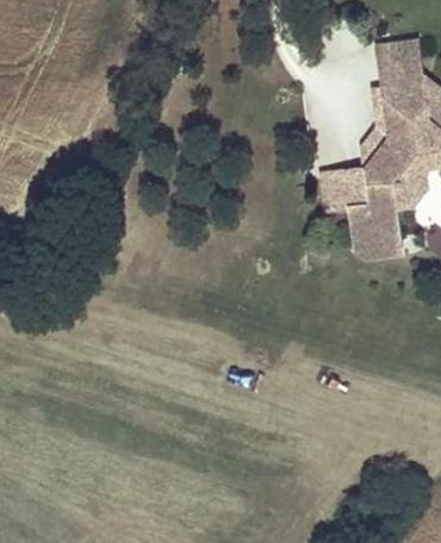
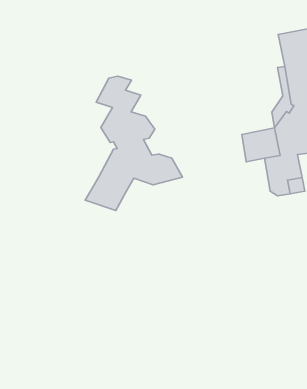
building: none -> [85,76,182,210]

